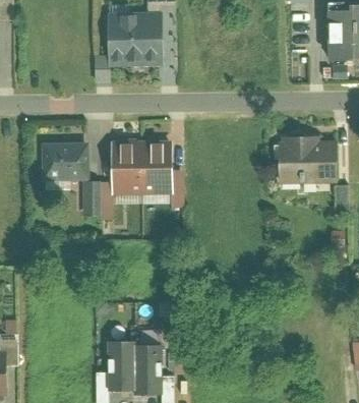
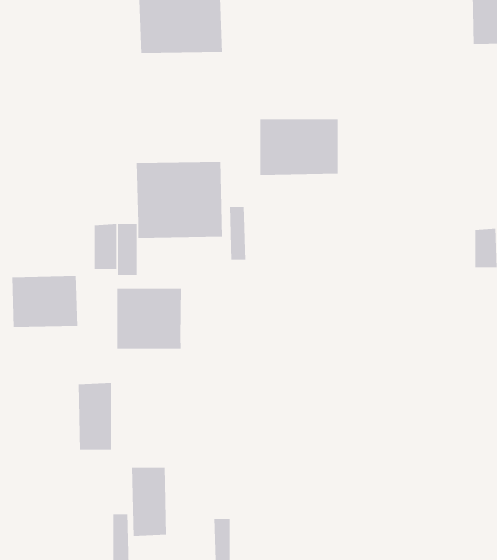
building: [42,140,85,175] -> [11,275,78,328]
building: [280,140,332,178] -> [259,118,339,176]
building: none -> [116,288,182,350]
building: [134,342,157,387] -> [78,382,112,451]

